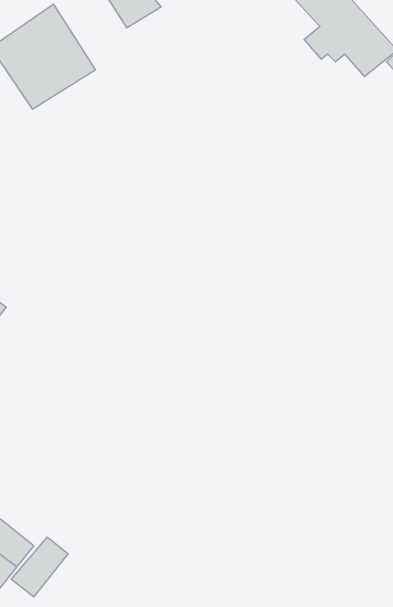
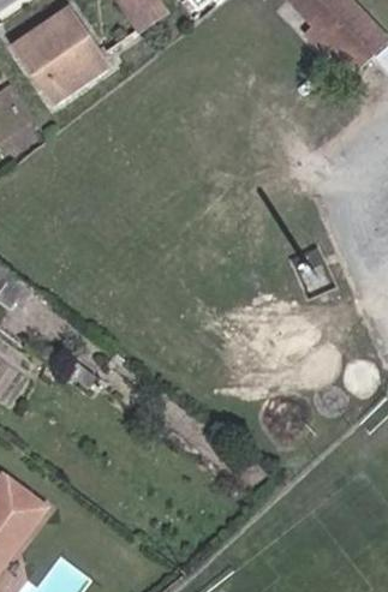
building: [11,537,68,597] -> none

